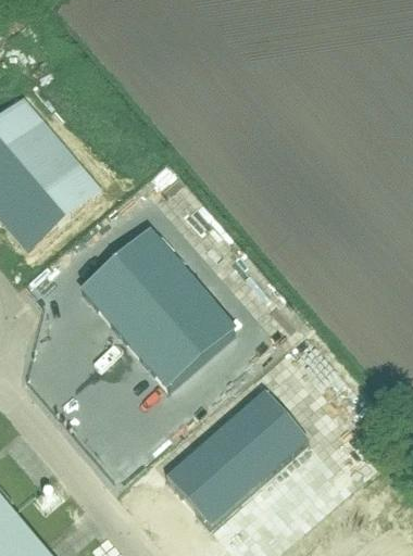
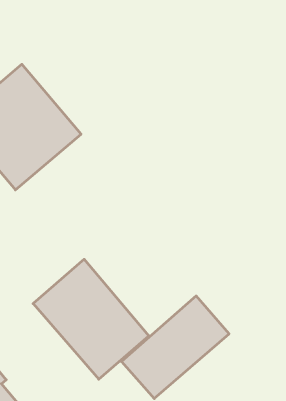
building: [79,231,233,390] -> [33,259,149,379]

